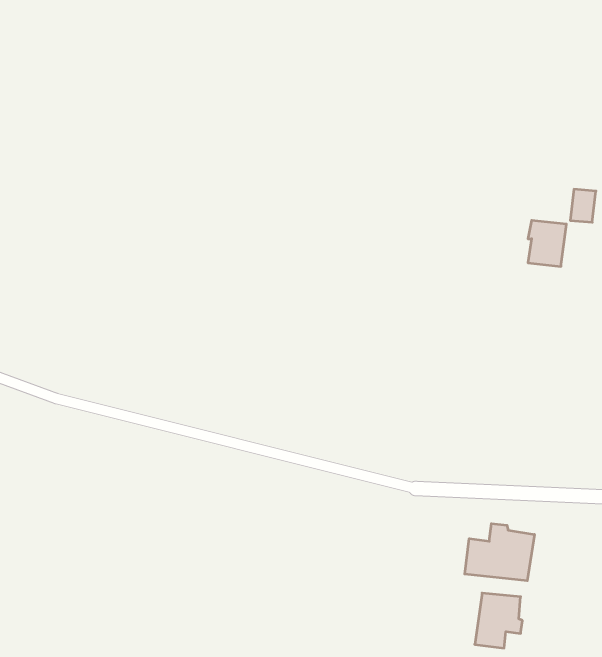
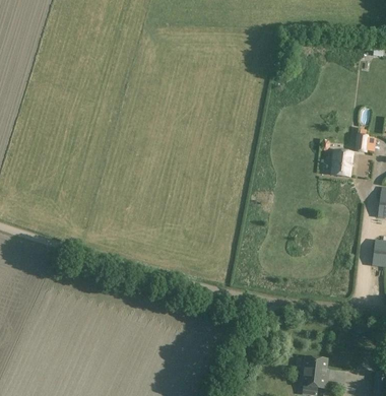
building: [465,524,534,581] -> none

